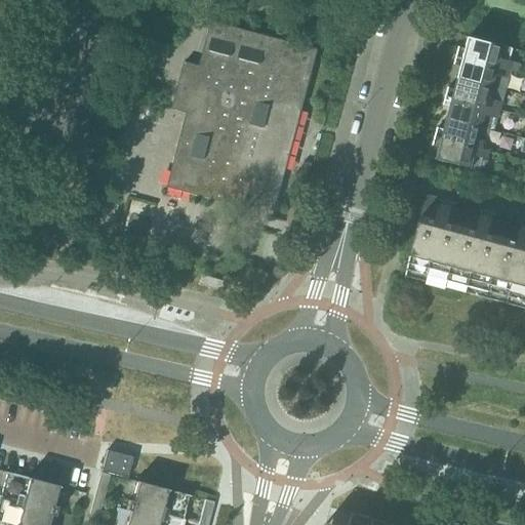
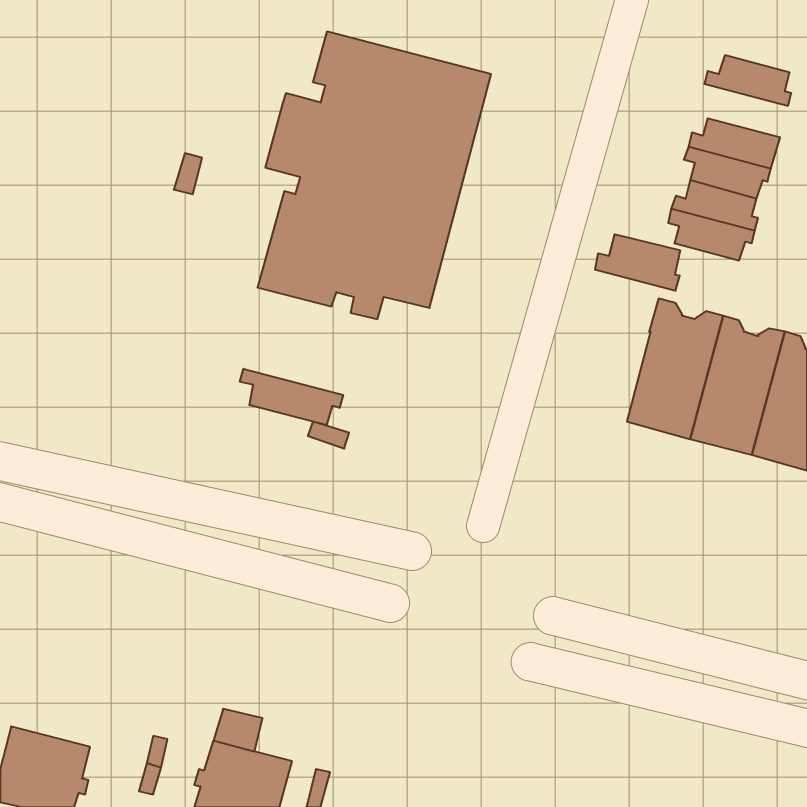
building: [455,54,512,89] -> none
building: none -> [595,234,680,291]
building: none -> [240,369,343,425]
building: [102,450,133,478] -> [214,709,263,751]

